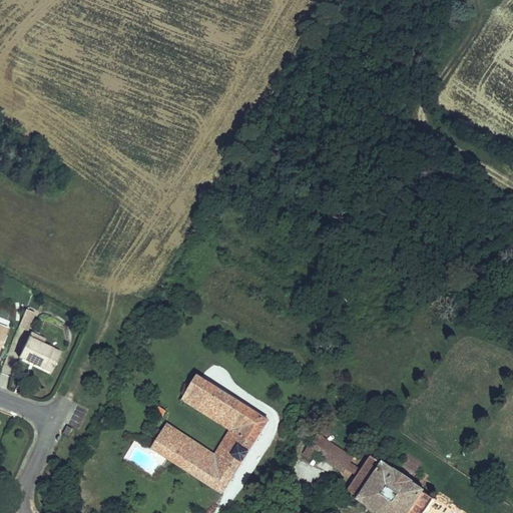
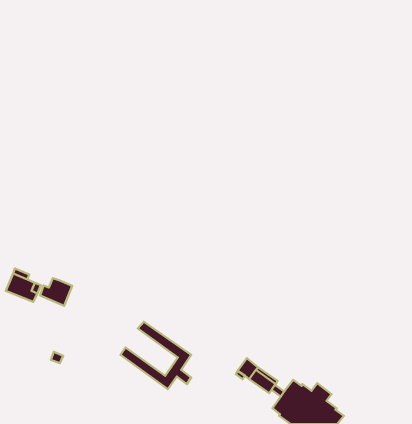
building: none -> [40,278,72,306]
building: [188,375,268,455] -> none
building: [150,428,240,492] -> none

